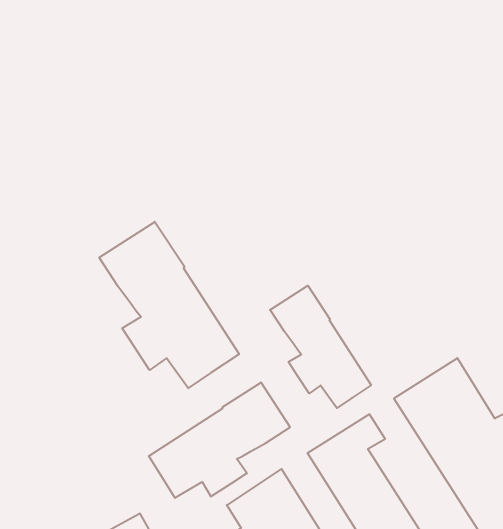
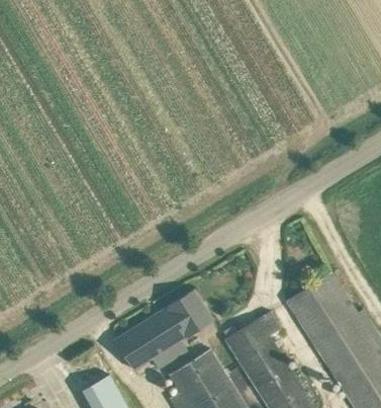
building: [99,222,239,388] -> none
building: [270,286,371,408] -> none

